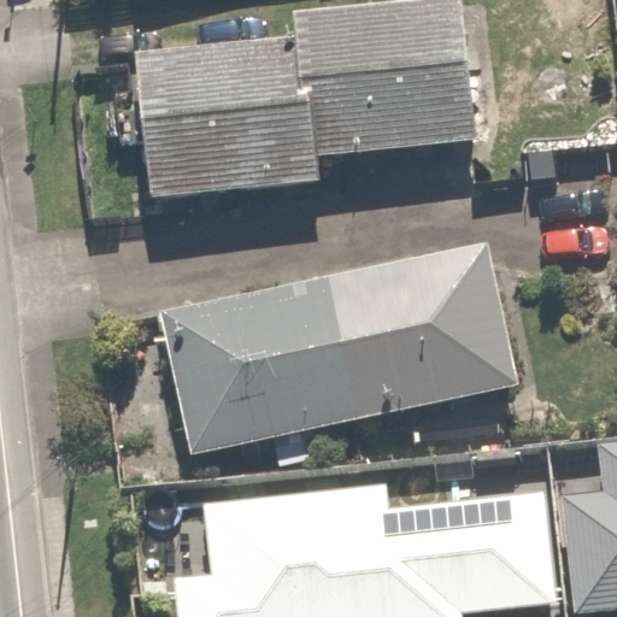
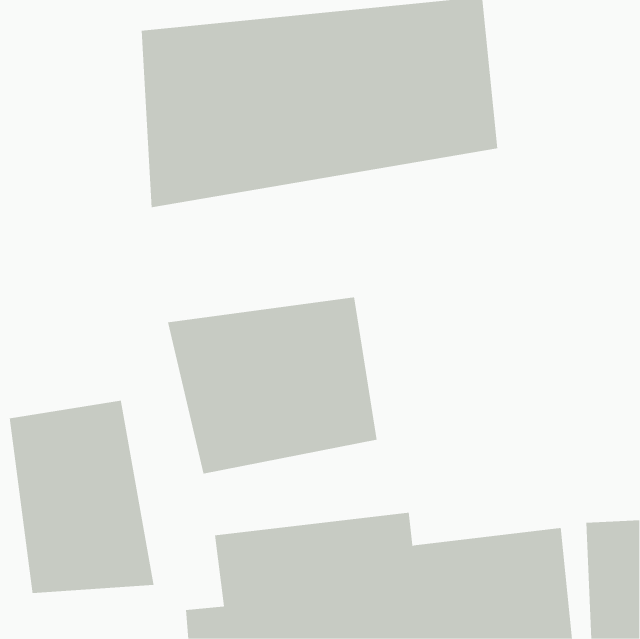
building: [337,242,523,418] -> none
building: none -> [9,400,154,594]

